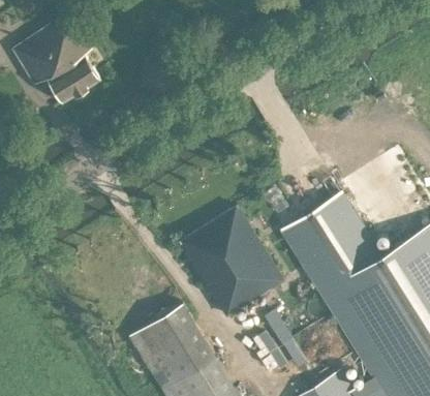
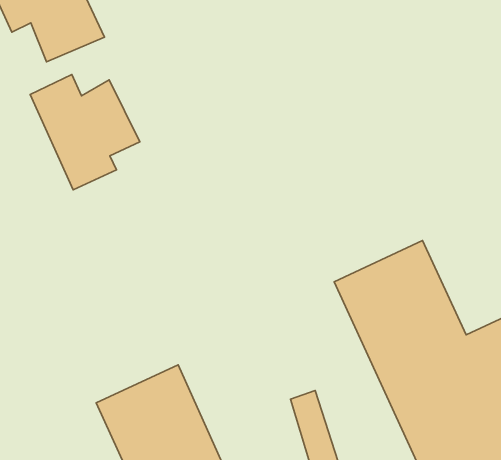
building: none -> [30,75,140,190]
building: [180,207,283,317] -> none

